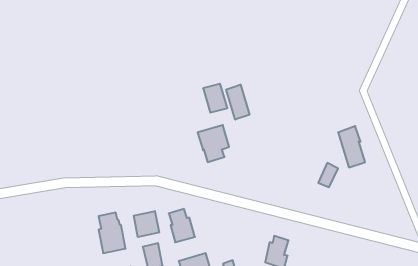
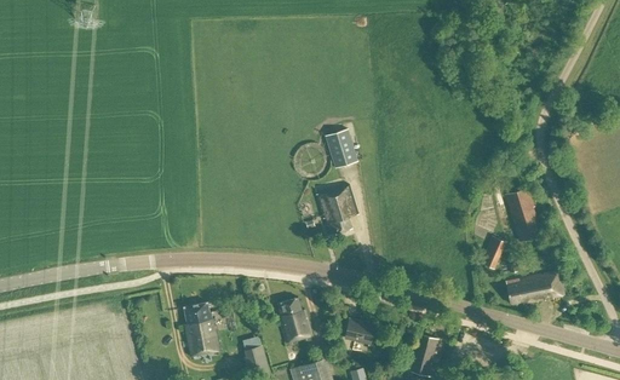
building: [226,85,249,120] -> none
building: none -> [506,270,563,304]
building: [134,211,159,237] -> none
building: none -> [344,317,374,342]

